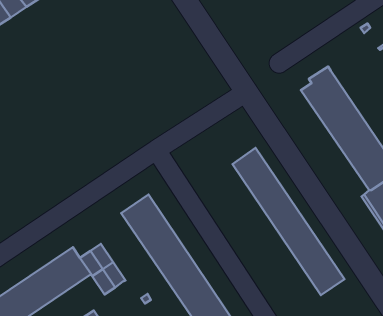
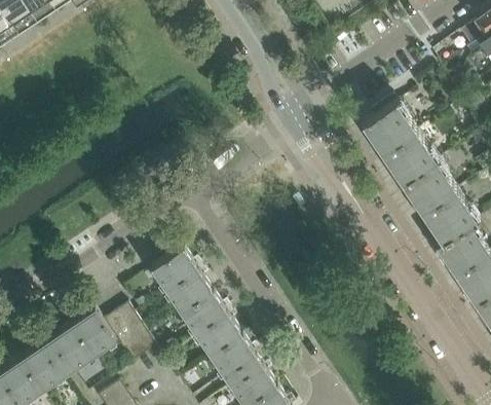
building: [233,148,344,295] -> none

